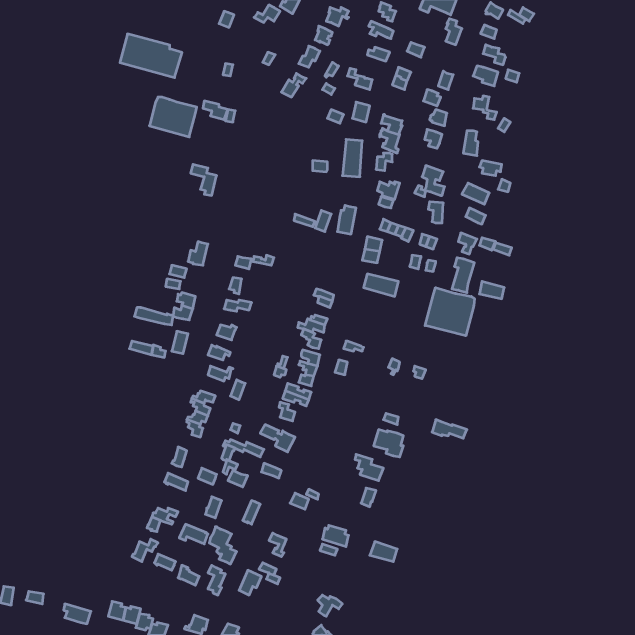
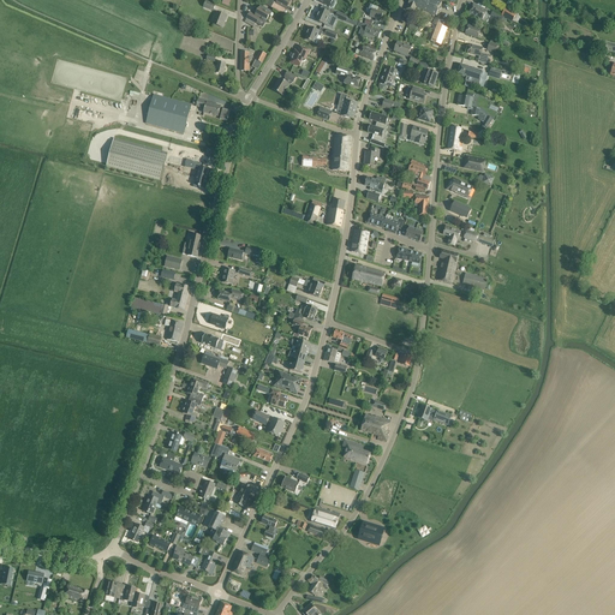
building: [120,34,182,78] -> [106,137,166,179]
building: [425,288,474,336] -> none

